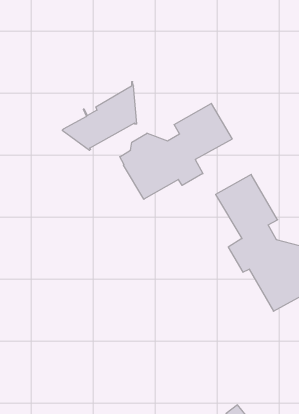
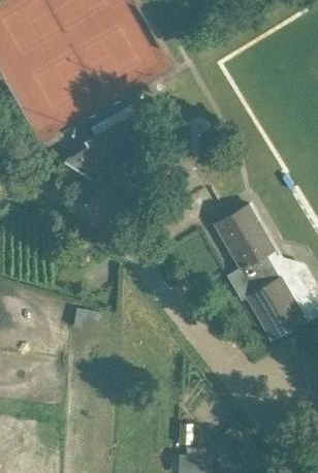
building: [120,103,232,199] -> none

